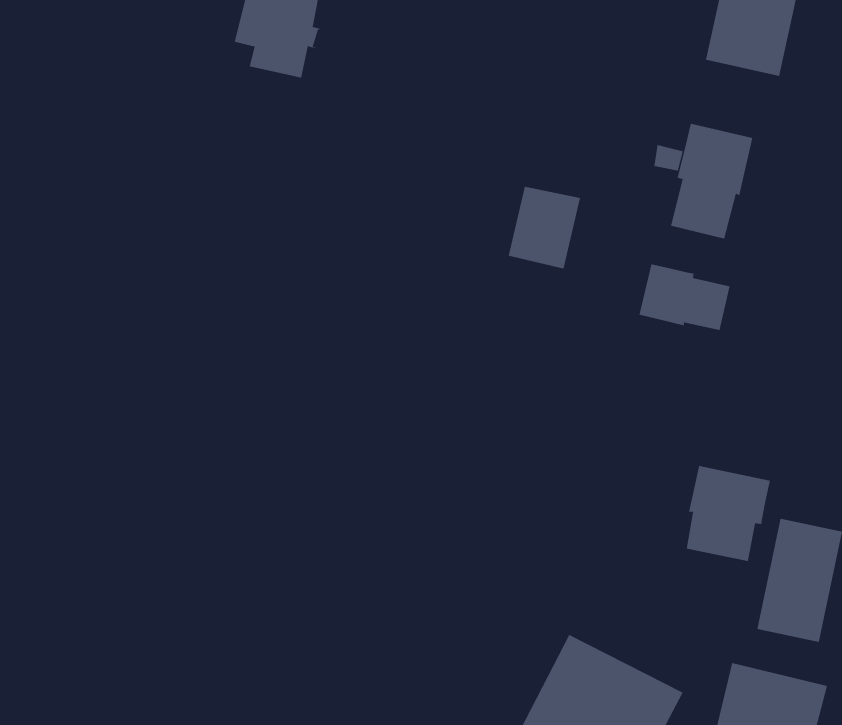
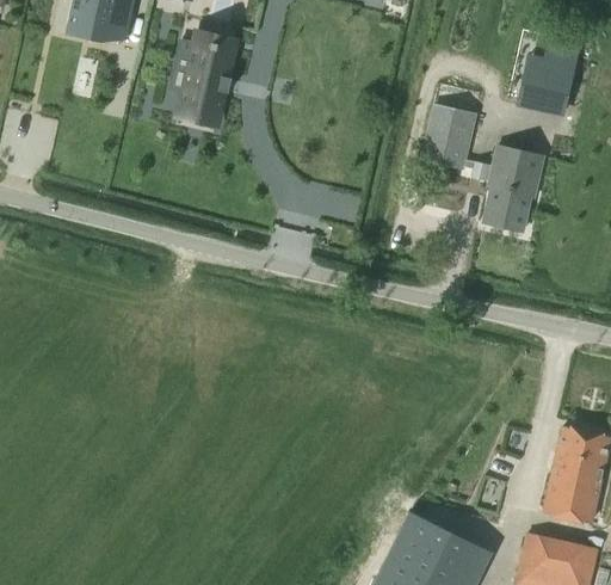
building: [508,186,581,269] -> [422,107,475,167]
building: [639,263,730,331] -> none
building: [686,465,770,562] -> none

